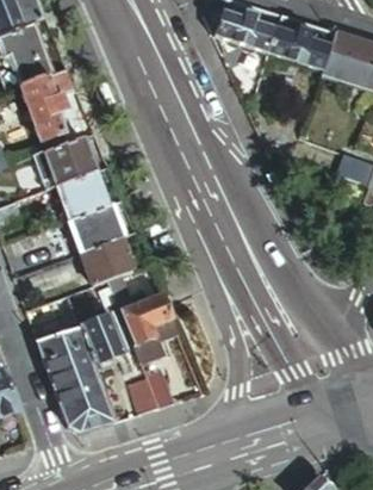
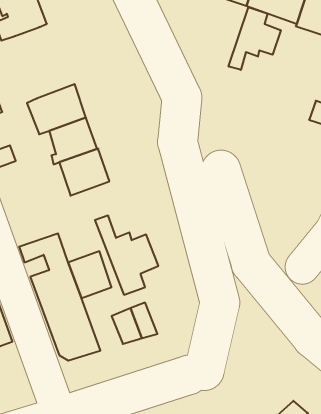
building: none -> [229,7,281,70]
building: [21,69,76,142] -> none
building: [81,241,132,286] -> none

